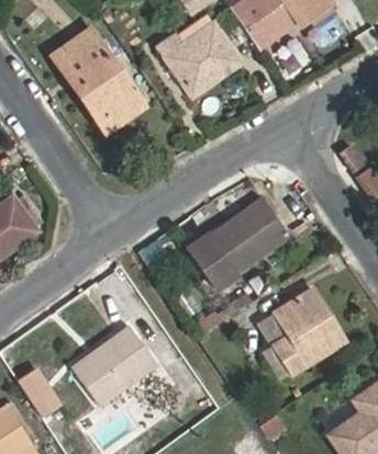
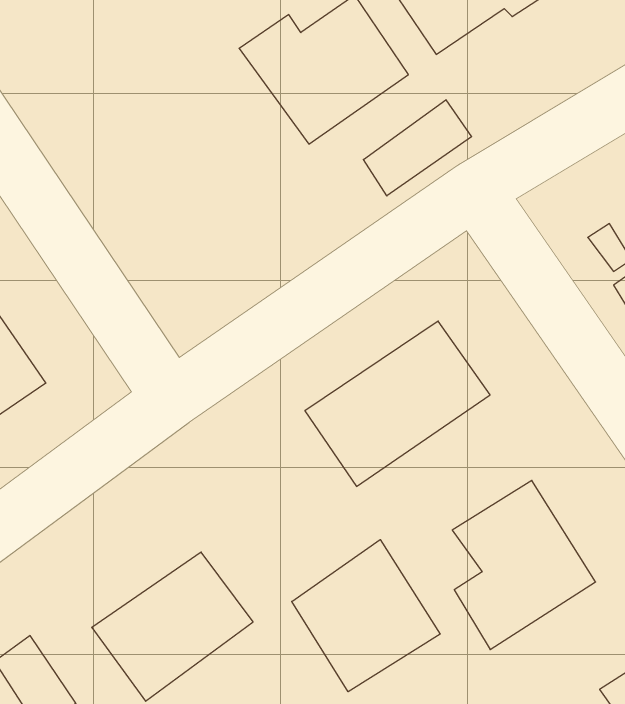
building: [47,26,147,137] -> none
building: none -> [363,100,472,196]
building: none -> [292,540,440,692]

